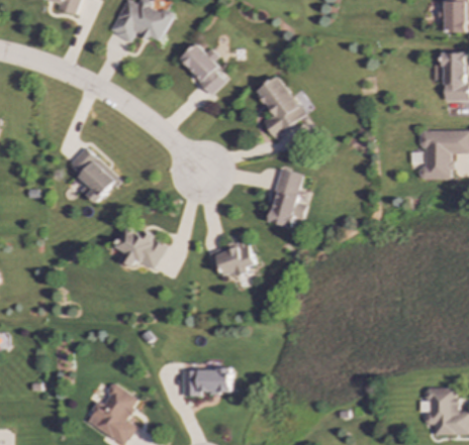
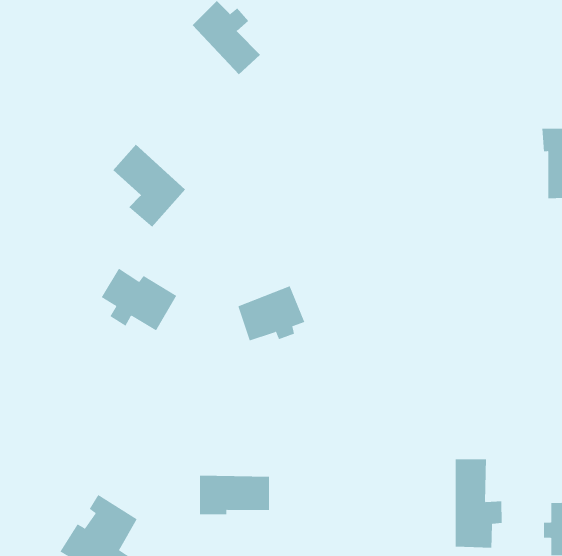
building: [254,76,303,137] -> none
building: [69,146,119,204] -> [112,144,186,228]
building: [268,169,305,227] -> none
building: none -> [455,459,502,548]

